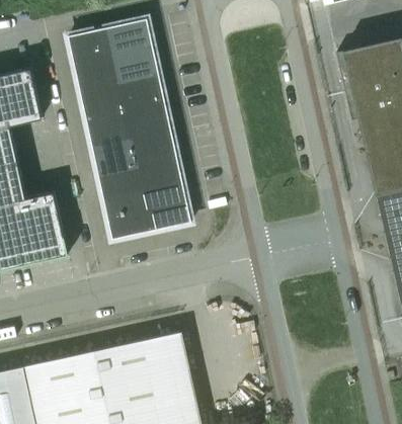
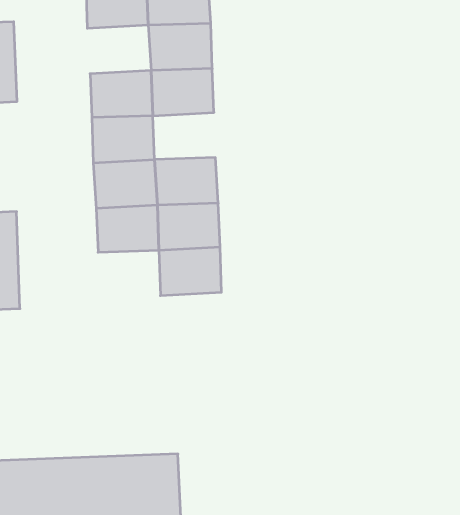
building: [74,57,120,95] -> none
building: [127,106,172,144] -> none
building: [106,202,152,240] -> none

